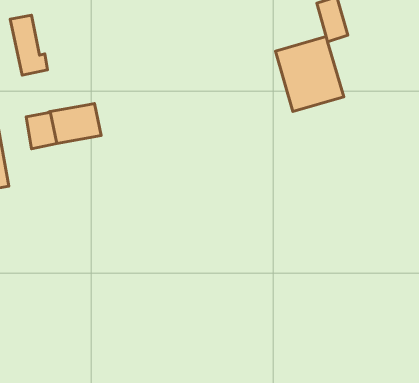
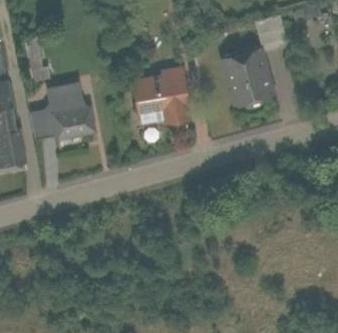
building: none -> [134,70,193,120]
building: none -> [44,83,79,111]

